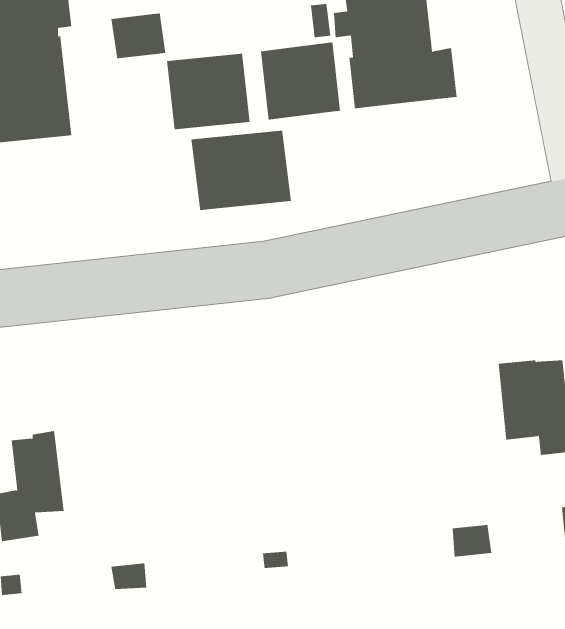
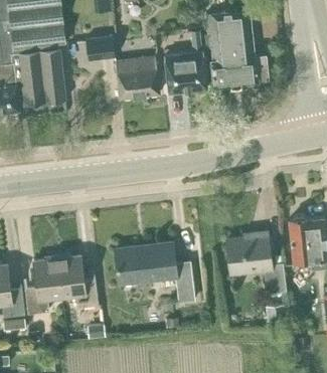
building: [191,130,292,211] -> none
building: none -> [225,232,286,295]
building: none -> [115,243,195,303]
building: none -> [56,255,98,309]

